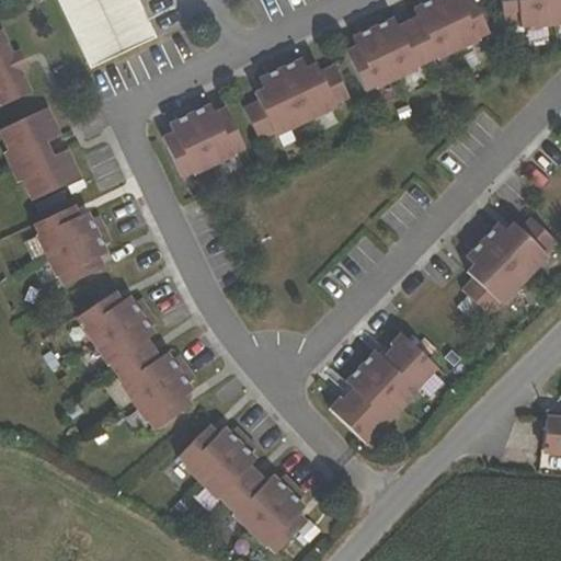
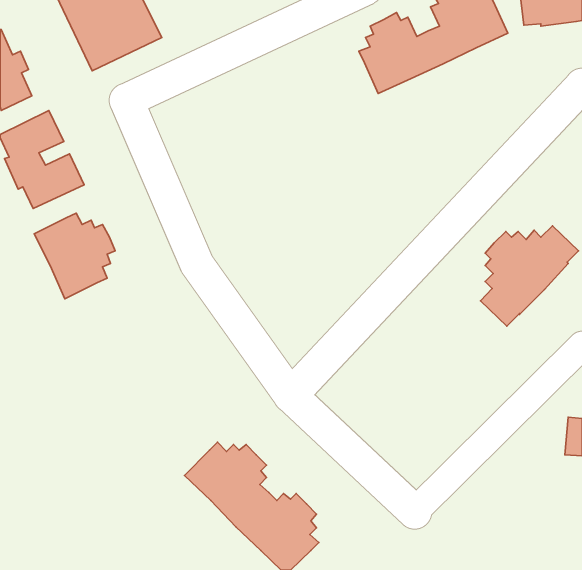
building: [243,54,350,139] -> none
building: [162,100,244,178] -> none
building: [78,291,195,431] -> none
building: [330,332,437,443] -> none

